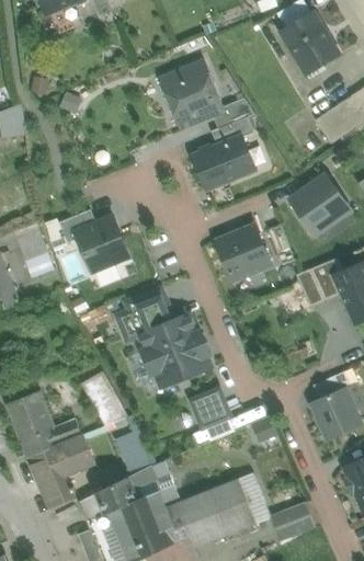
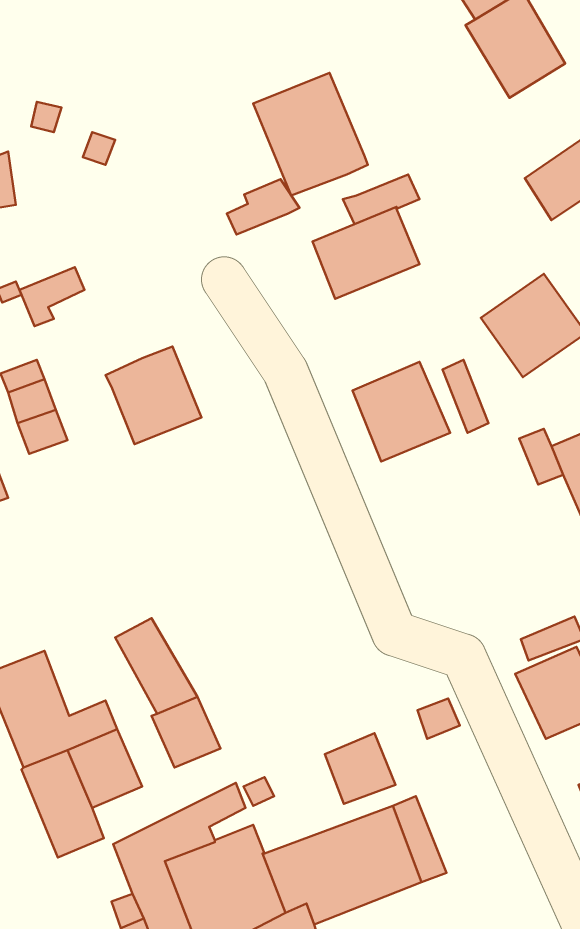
building: [213,99,254,130] -> [227,179,300,235]
building: [58,210,95,244] -> [19,267,84,326]
building: [115,288,211,389] -> none
building: [191,389,231,430] -> [325,733,396,804]
building: [270,504,315,541] -> none

